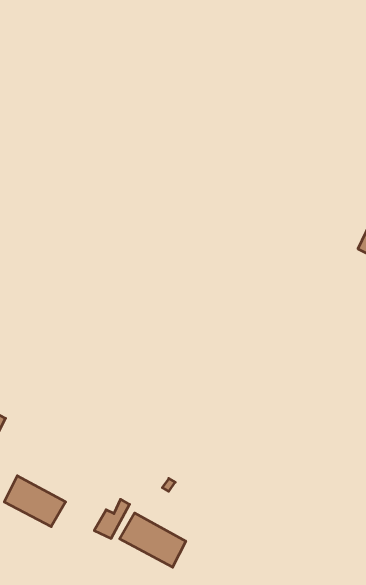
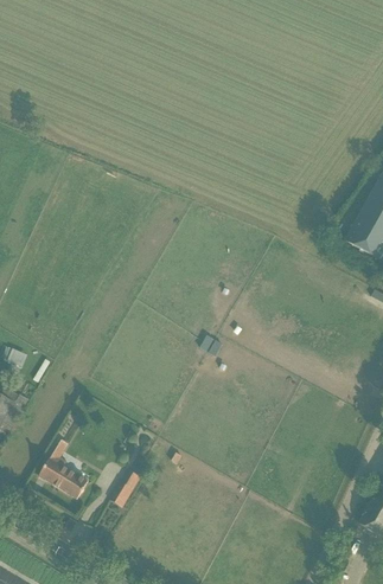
building: [120,513,186,567] -> none

